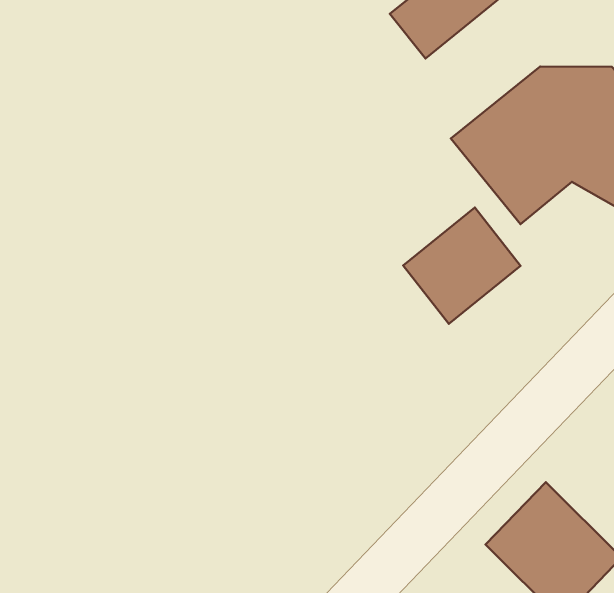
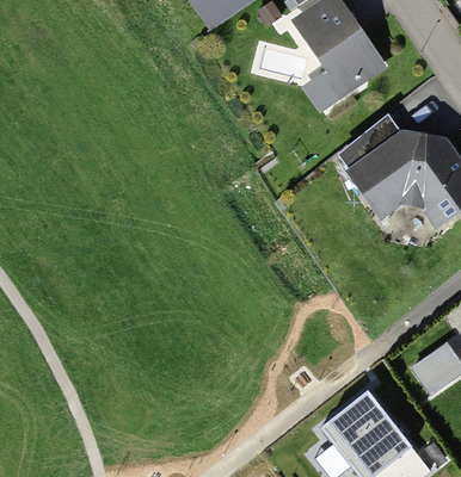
building: [403,207,521,324] -> none

